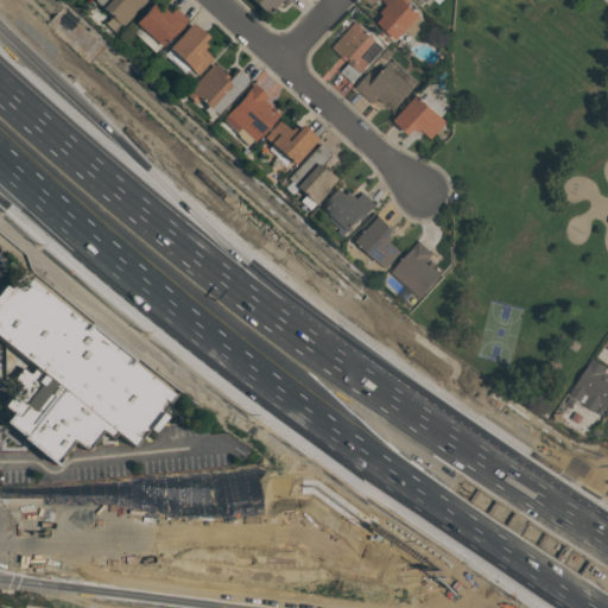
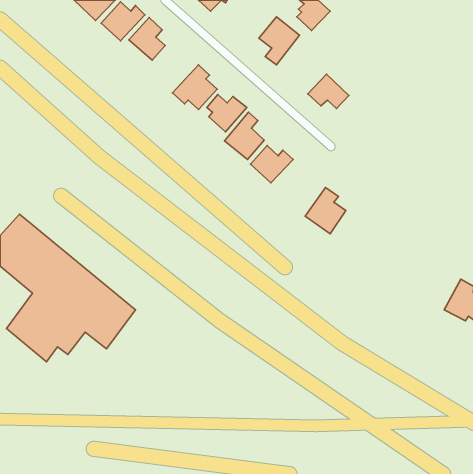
building: [190,64,251,115] -> none
building: [356,65,414,109] -> none
building: [355,215,403,268] -> none

